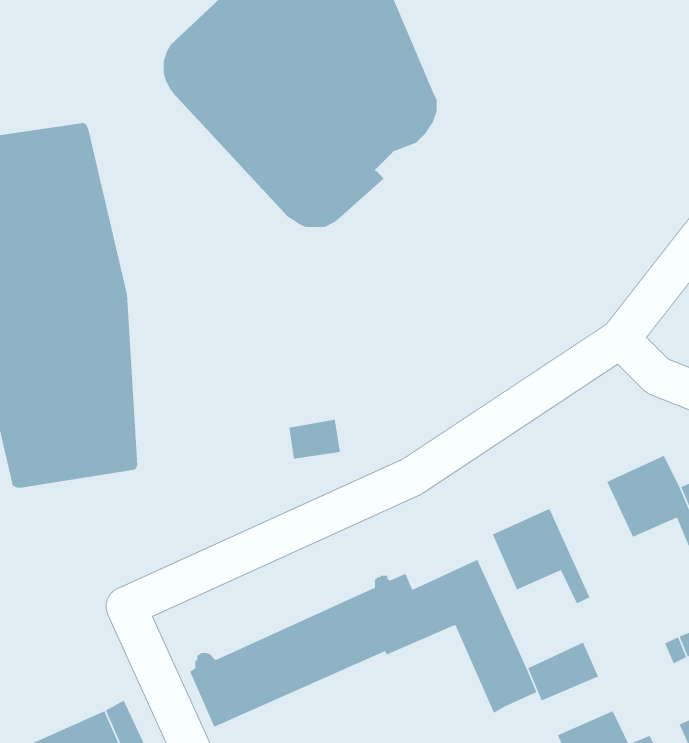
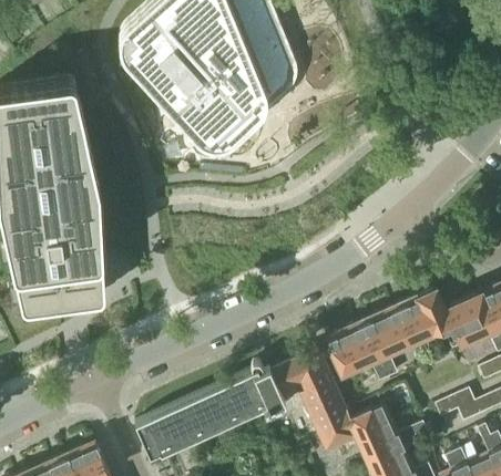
building: [288,419,341,460] -> none
building: none -> [362,307,415,380]
building: none -> [357,425,425,466]

